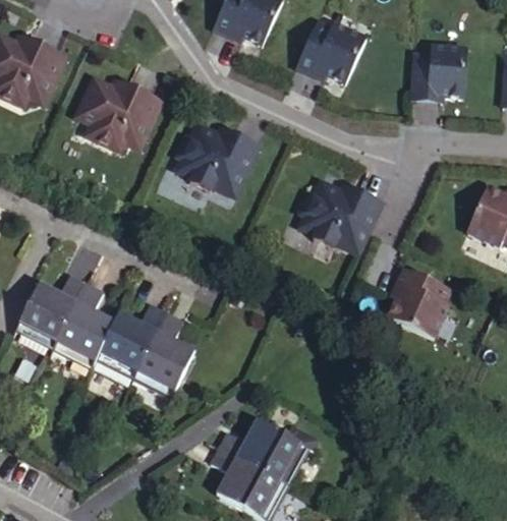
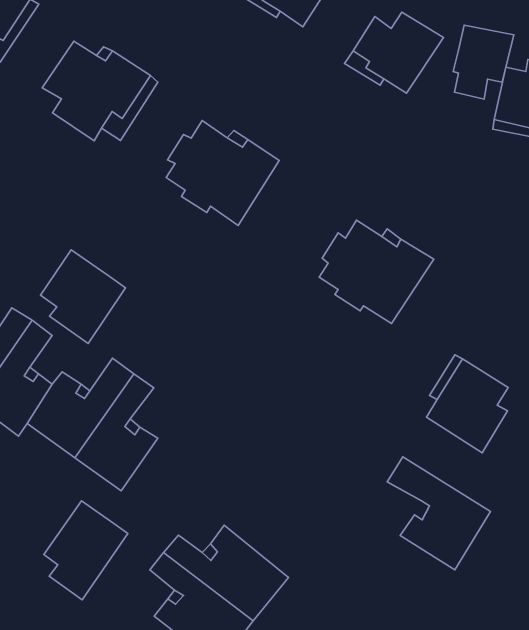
building: none -> [453,25,514,99]
building: none -> [40,250,126,344]
building: none -> [387,457,491,570]
building: none -> [44,501,128,600]

